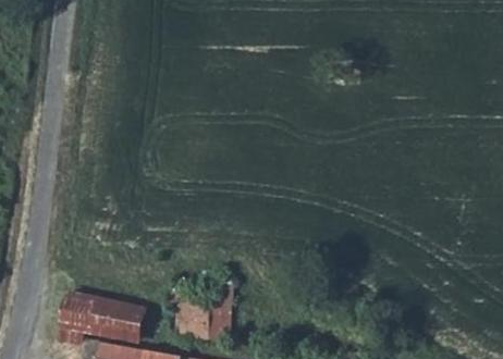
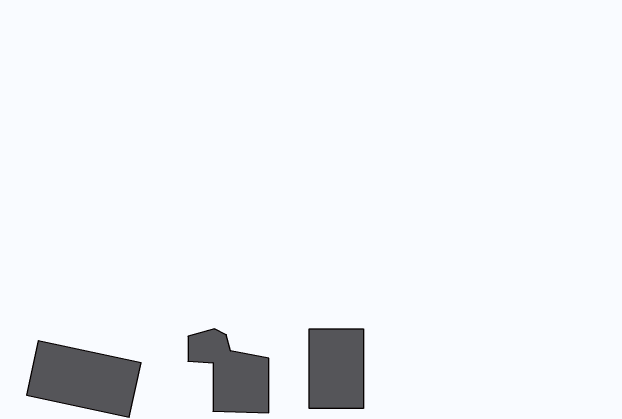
building: none -> [309,329,363,408]

